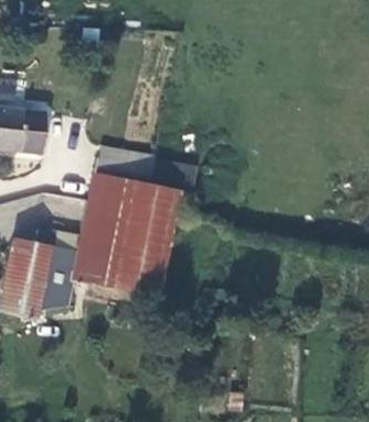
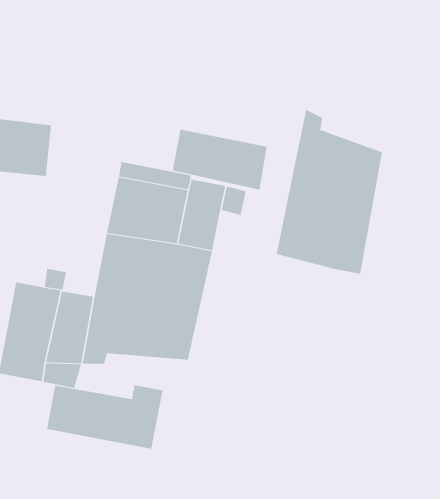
building: none -> [276,109,382,275]
building: none -> [172,129,267,191]
building: none -> [47,385,163,450]

